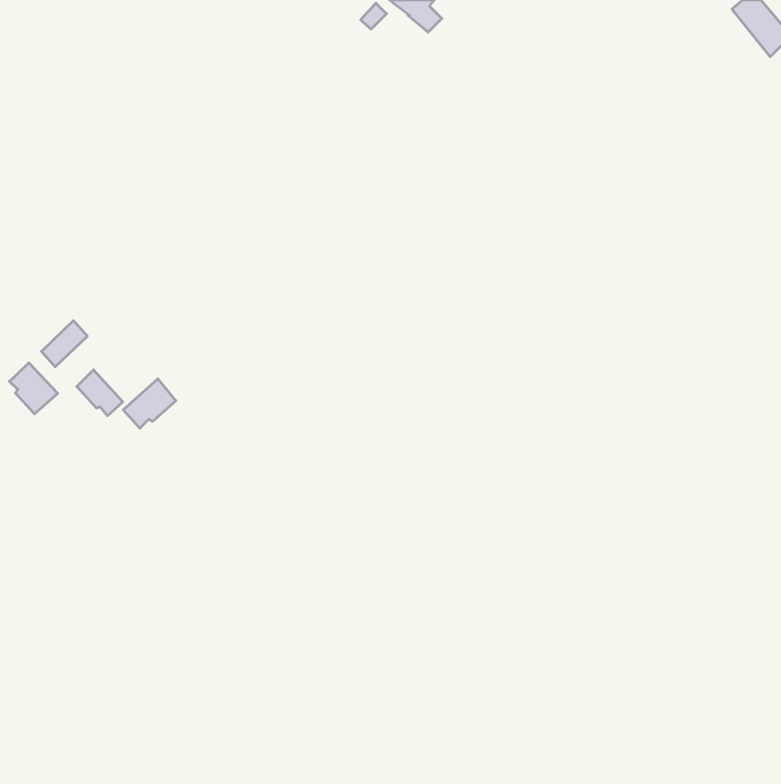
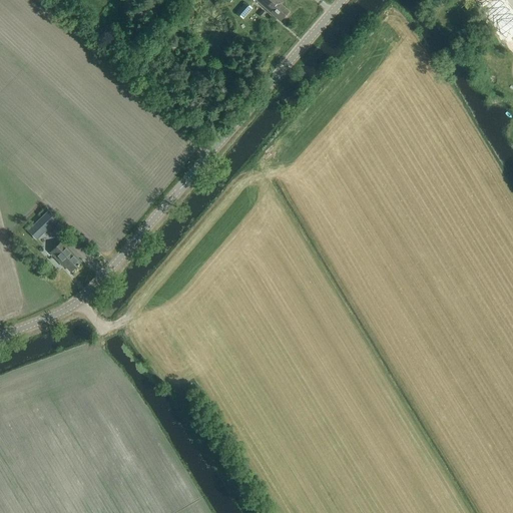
building: [9,363,58,414] -> none
building: [123,379,176,428] -> none

